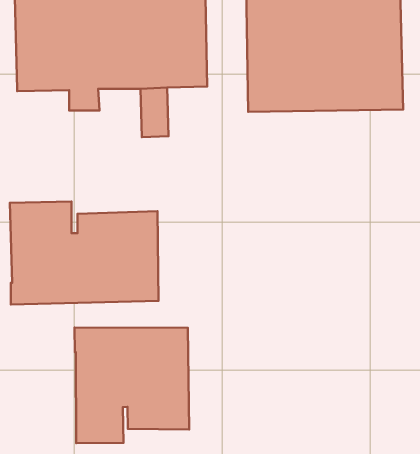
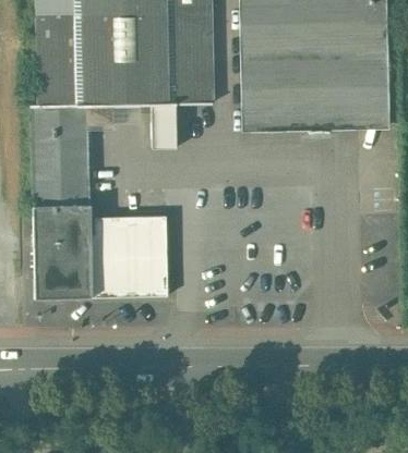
building: none -> [32,105,89,207]
building: [74,327,189,443] -> none

